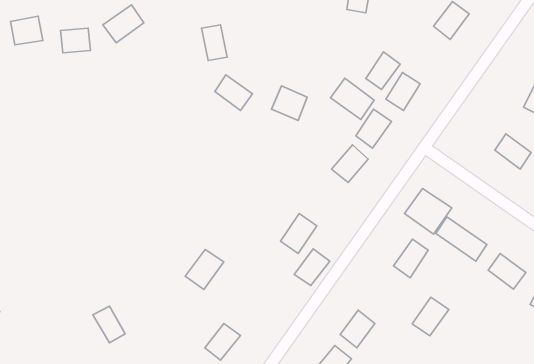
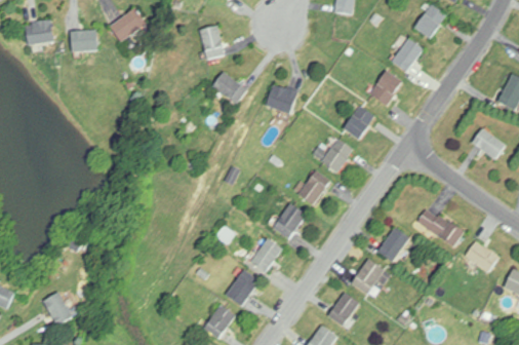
building: [366,52,400,90] -> [392,39,424,74]
building: [331,78,374,119] -> none
building: none -> [297,169,330,205]
building: [405,188,452,234] -> none
building: [294,249,330,286] -> [250,237,283,271]
building: [185,250,224,289] -> [225,269,261,306]
building: [412,297,449,336] -> [351,258,385,294]
building: [93,306,125,343] -> [42,292,72,325]

